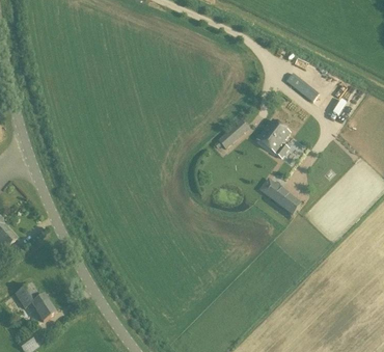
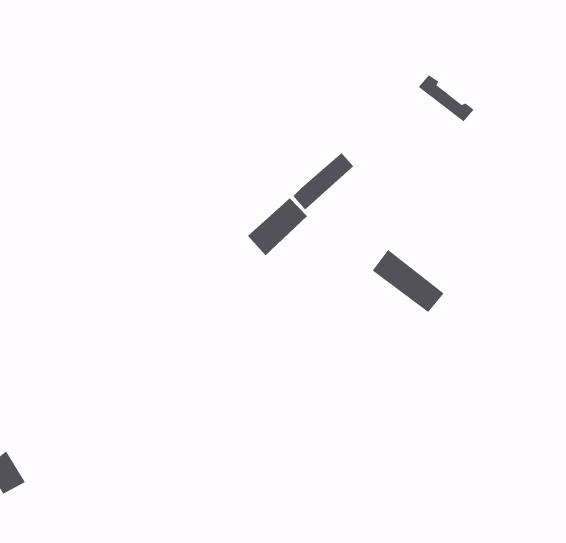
building: [257,120,290,158] -> none
building: none -> [247,197,308,256]

